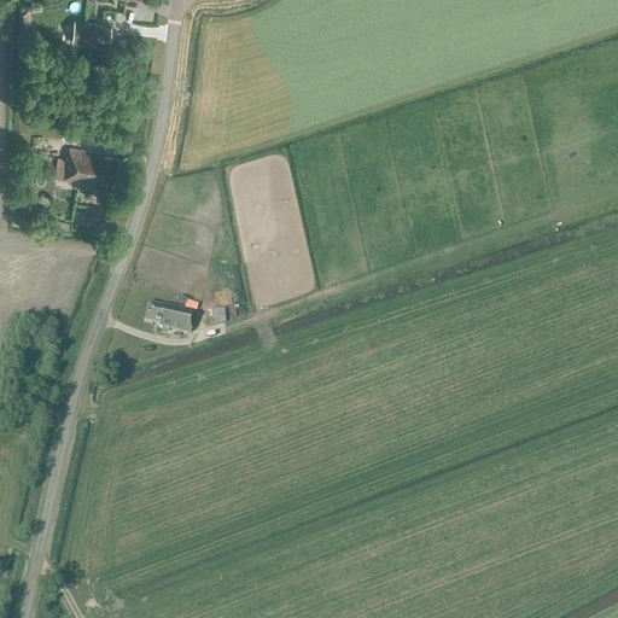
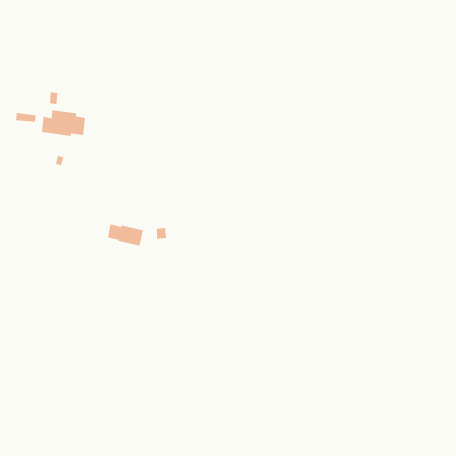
building: [71,21,112,48] -> none

